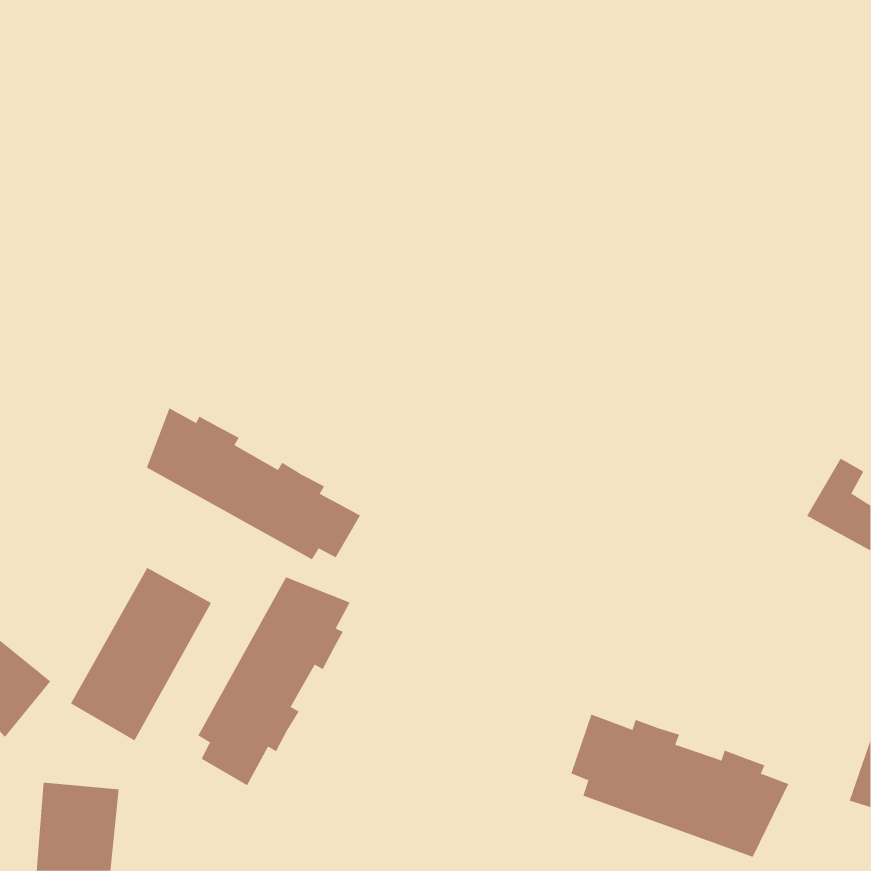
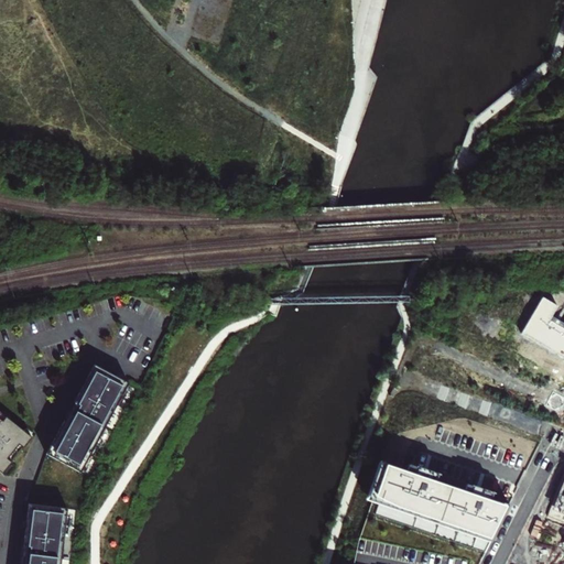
building: [146,408,361,560] -> none
building: [197,577,351,786] -> none

